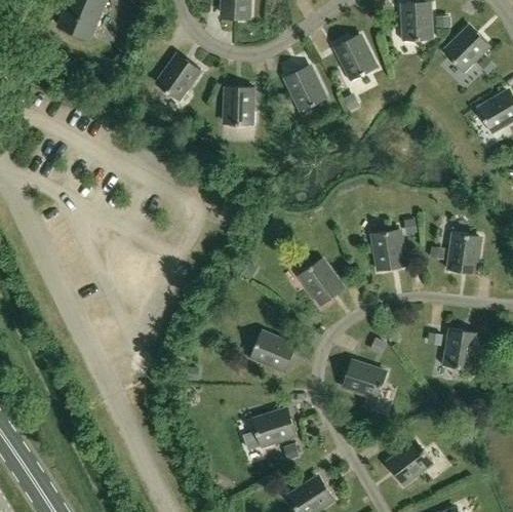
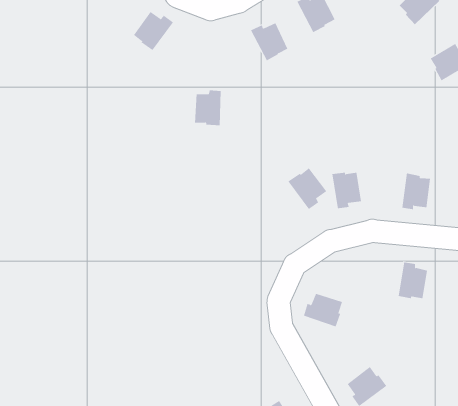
building: [224,86,253,125] -> [194,90,222,126]
building: [299,260,342,306] -> [288,167,327,210]
building: [250,331,292,371] -> none
building: [253,409,297,446] -> none

